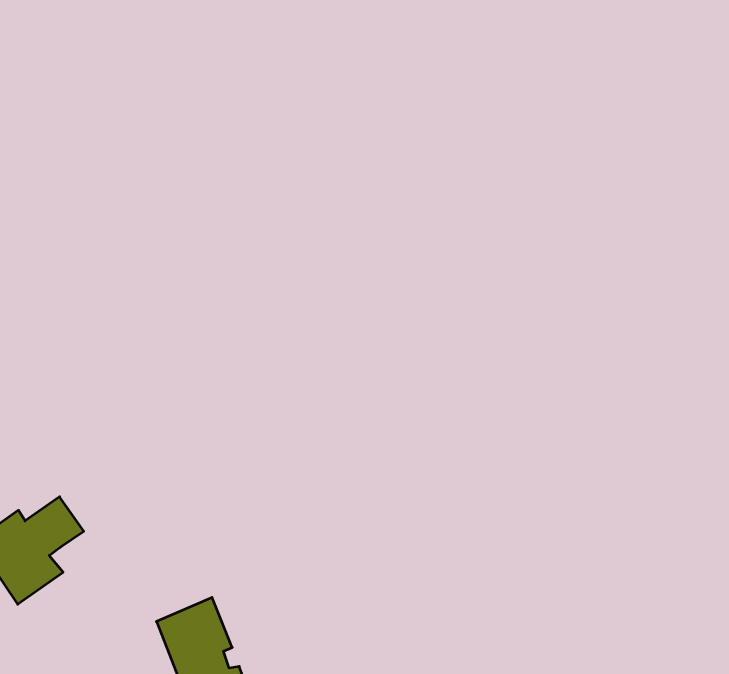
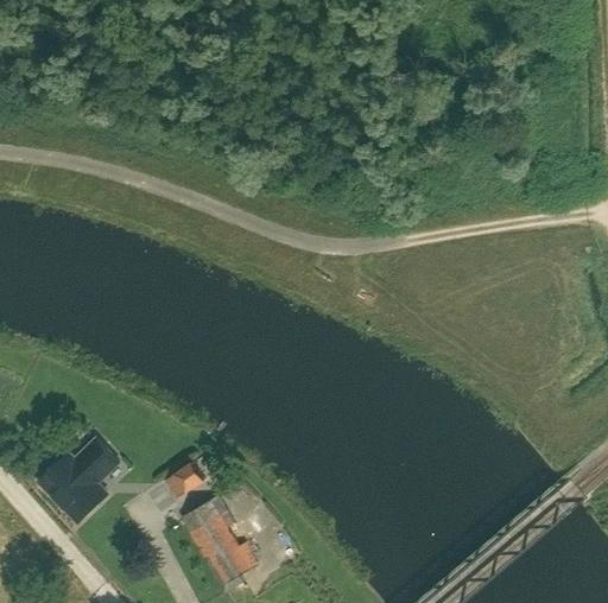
building: none -> [165,458,205,495]

